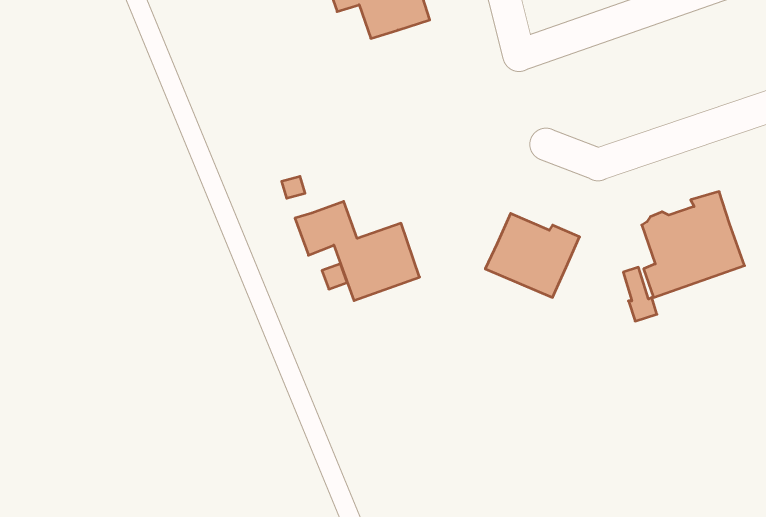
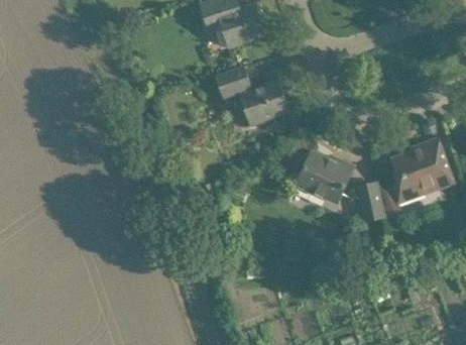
building: [295,201,420,301] -> [215,67,289,126]
building: none -> [357,183,383,222]

